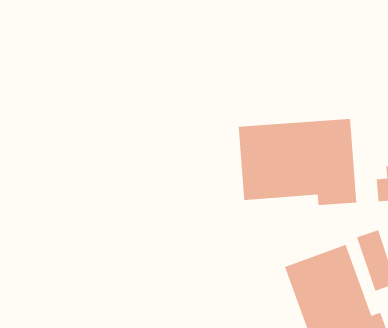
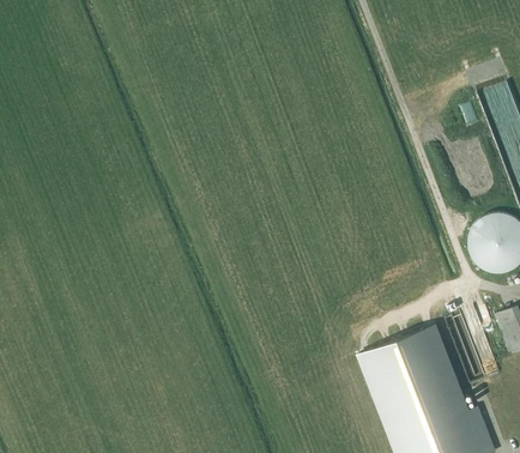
building: [238,118,357,206] -> none

